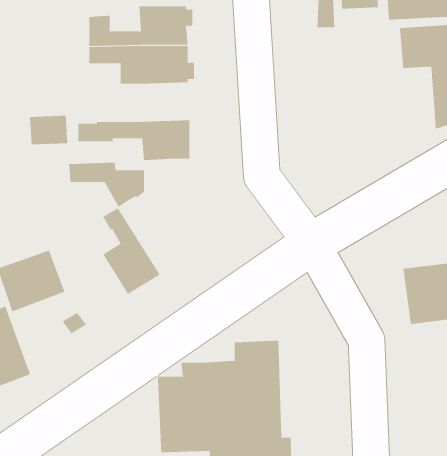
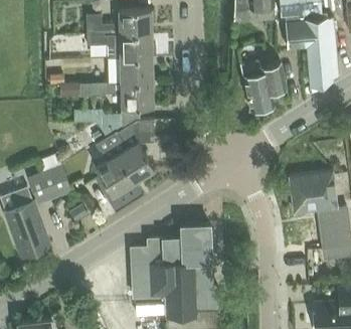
building: none -> [121,58,153,84]
building: none -> [242,61,288,111]
building: none -> [107,121,155,182]

